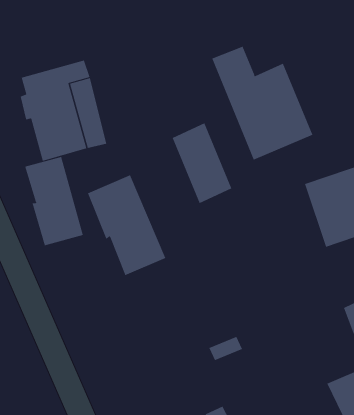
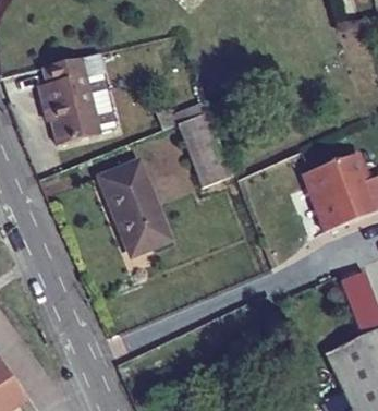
building: [212,46,313,160] -> none
building: [25,156,83,246] -> none

